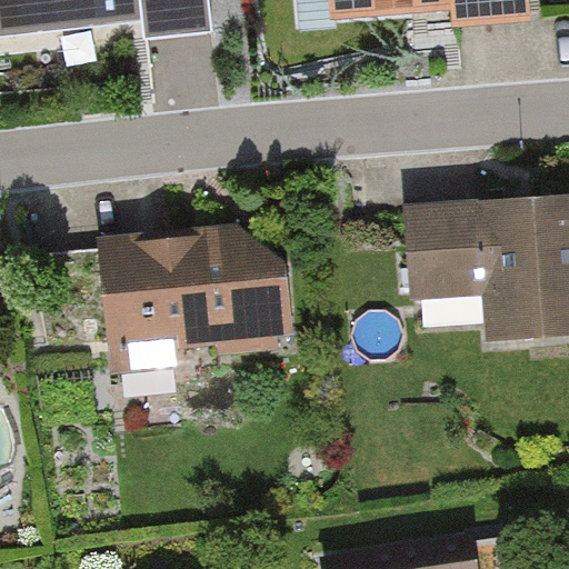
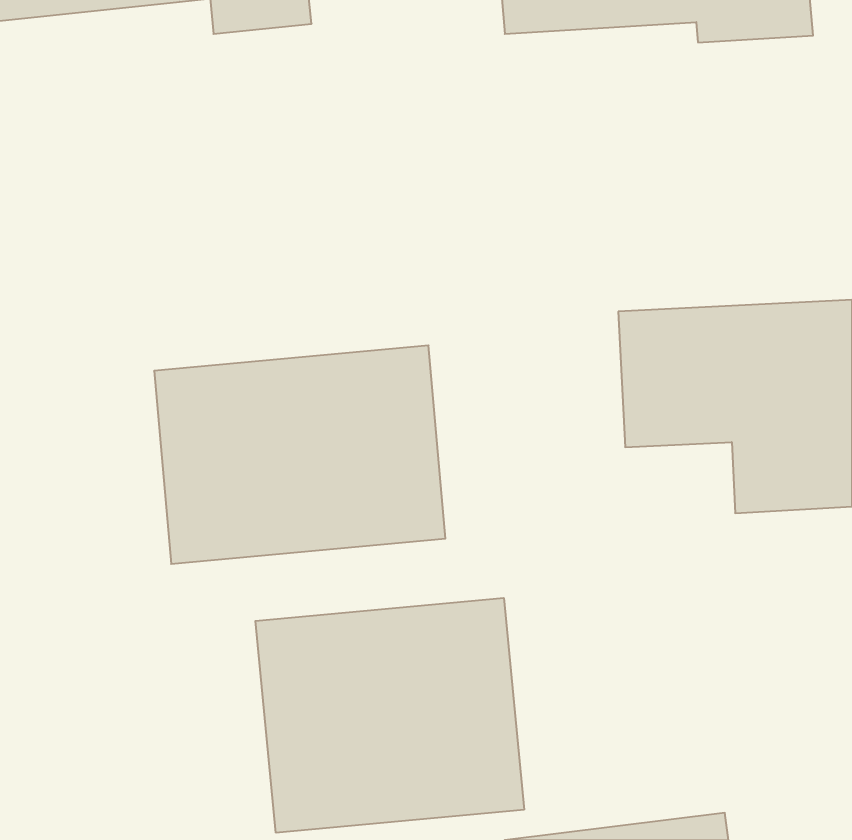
building: none -> [255,598,524,833]

